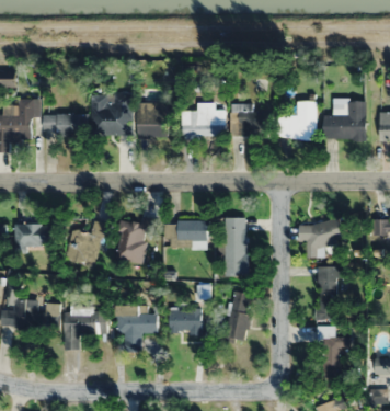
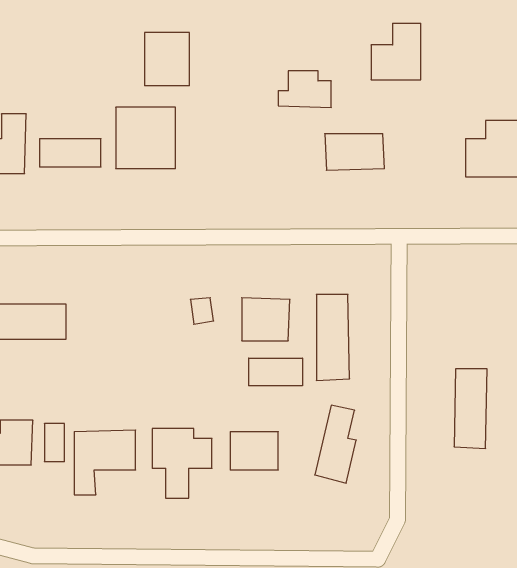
building: [284,102,317,139] -> [371,23,421,80]
building: [139,103,169,138] -> [145,33,189,86]
building: [190,103,225,127] -> [278,71,331,107]
building: [65,220,105,269] -> none
building: [301,221,343,248] -> none
building: [117,224,138,262] -> none
building: none -> [249,358,302,386]
building: [317,327,349,378] -> none

